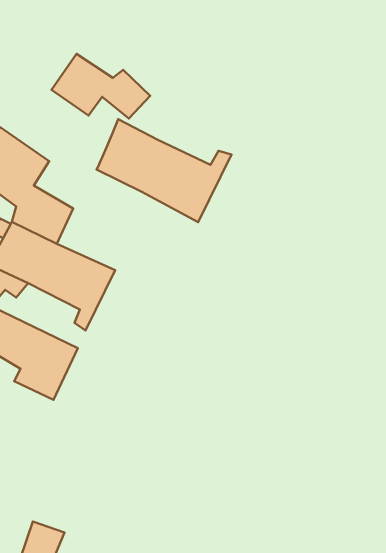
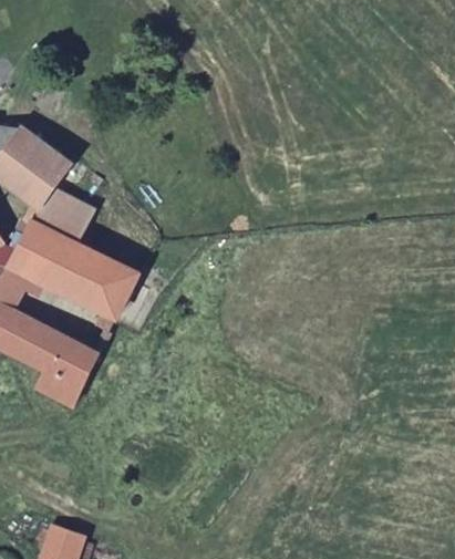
building: [51,54,150,119] -> none
building: [97,119,231,222] -> none

